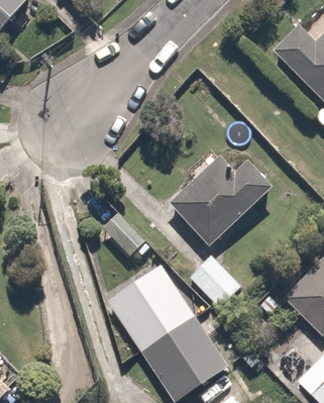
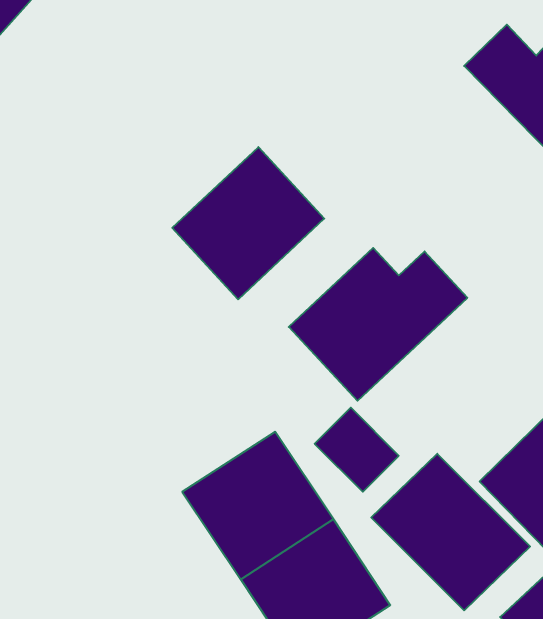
building: none -> [172,147,324,299]
building: none -> [371,454,530,610]

